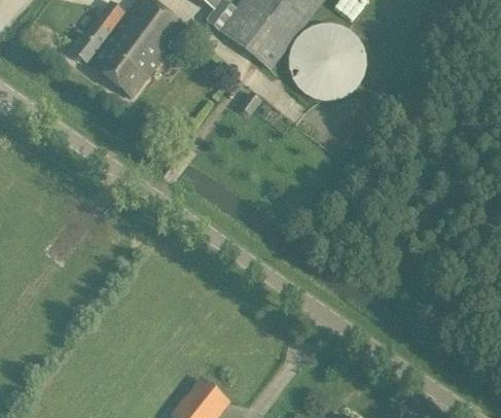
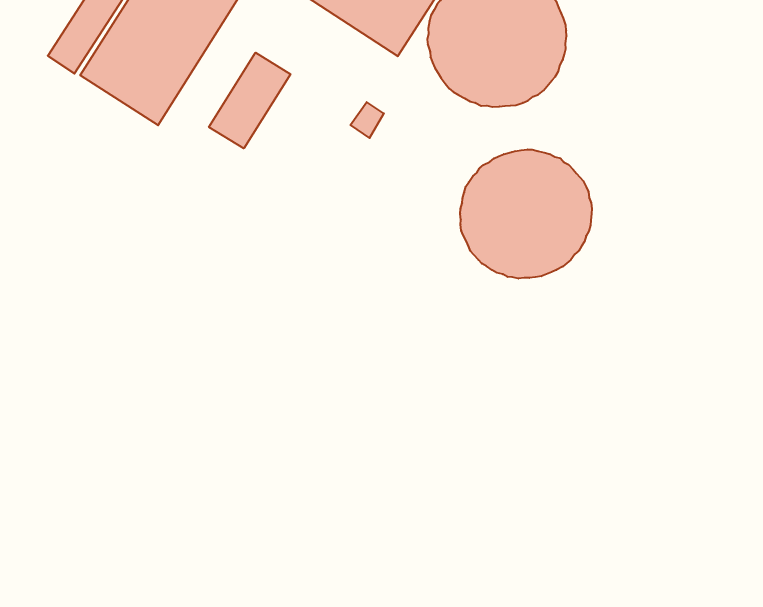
building: none -> [209,53,290,148]
building: none -> [460,149,592,279]

